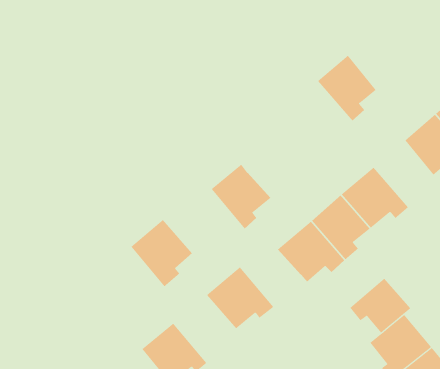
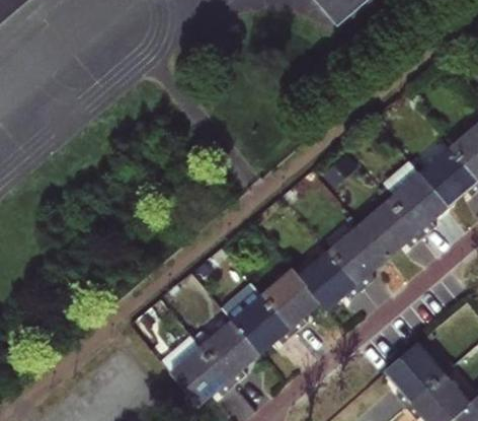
building: [317,55,377,121] -> [388,174,445,238]
building: [211,164,271,229] -> [260,271,318,334]
building: [130,219,193,287] -> [196,323,256,388]
building: [349,278,411,333] -> none

